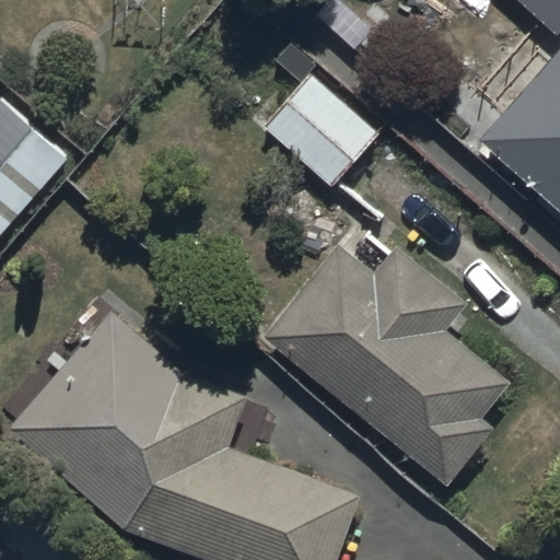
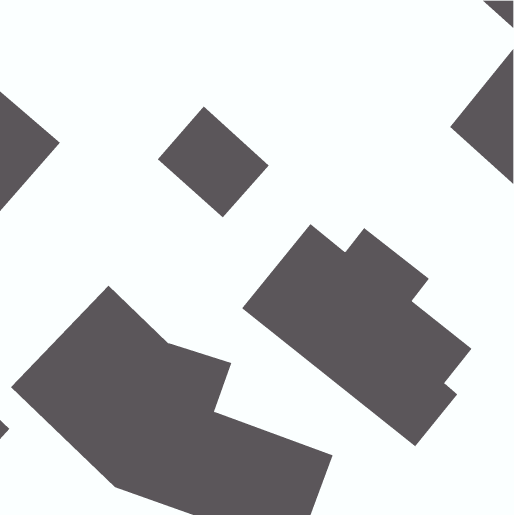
building: [260,70,382,191] -> [157,106,269,218]

